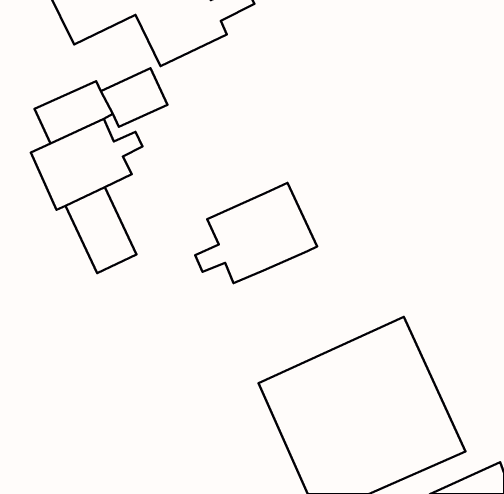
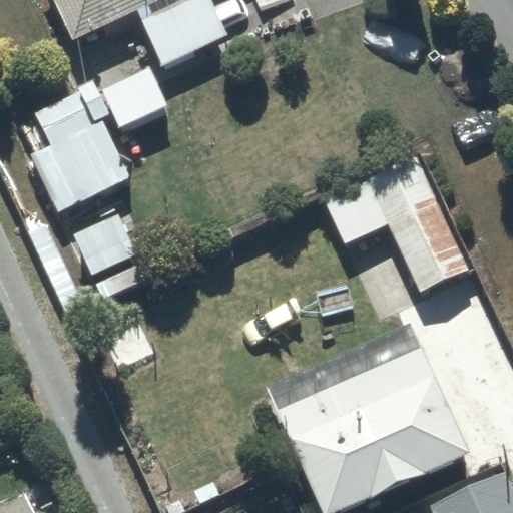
building: none -> [324,155,470,291]
building: [195,183,317,283] -> none

